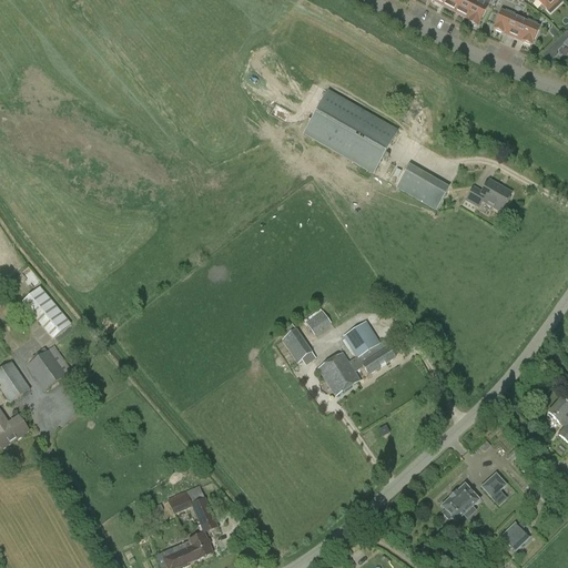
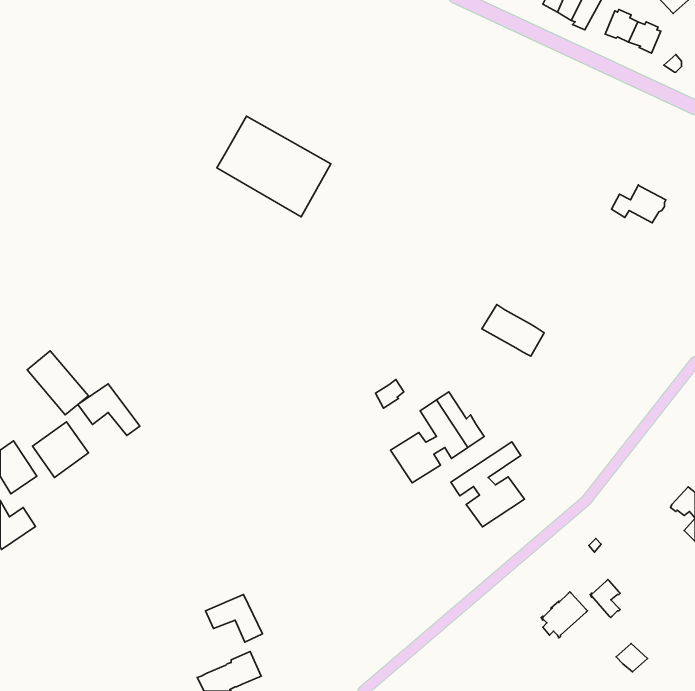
building: [304,90,397,172] -> [217,116,331,217]
building: [396,165,447,207] -> [482,304,544,356]
building: [467,179,511,210] -> [611,185,666,223]
building: none -> [78,384,140,436]
building: [282,327,312,361] -> none
building: none -> [451,442,525,527]

